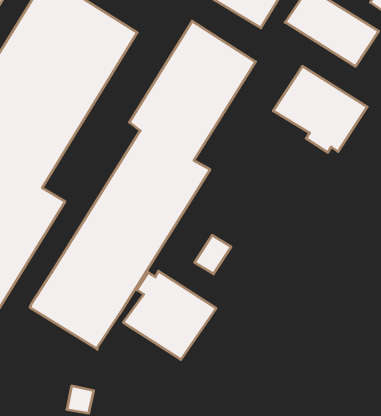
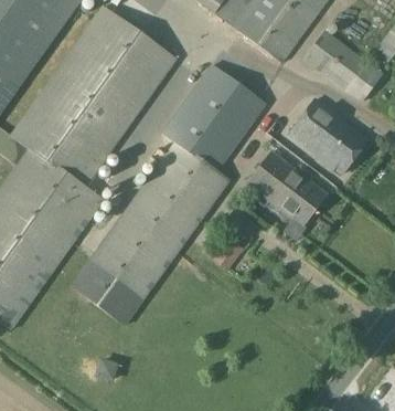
building: none -> [247,151,327,231]
building: [123,271,216,360] -> none

